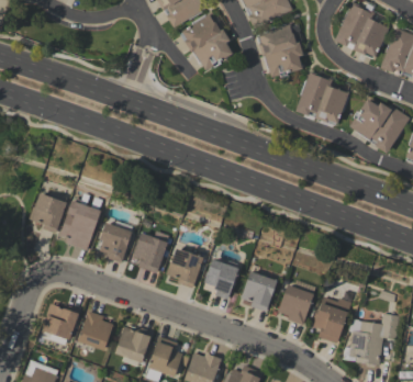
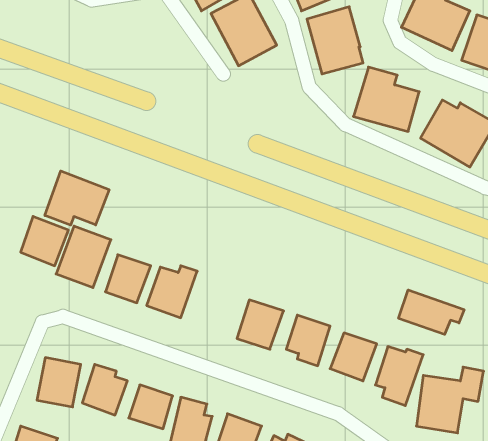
building: none -> [45,171,109,225]
building: [167,247,203,288] -> none
building: none -> [399,290,464,334]

